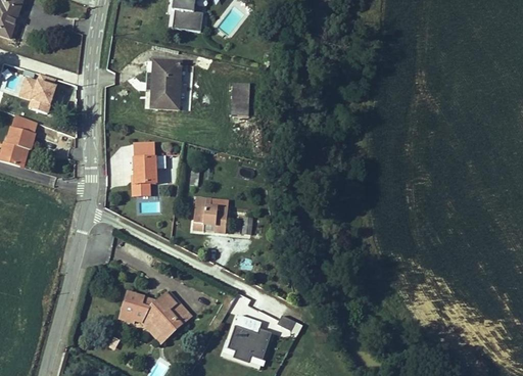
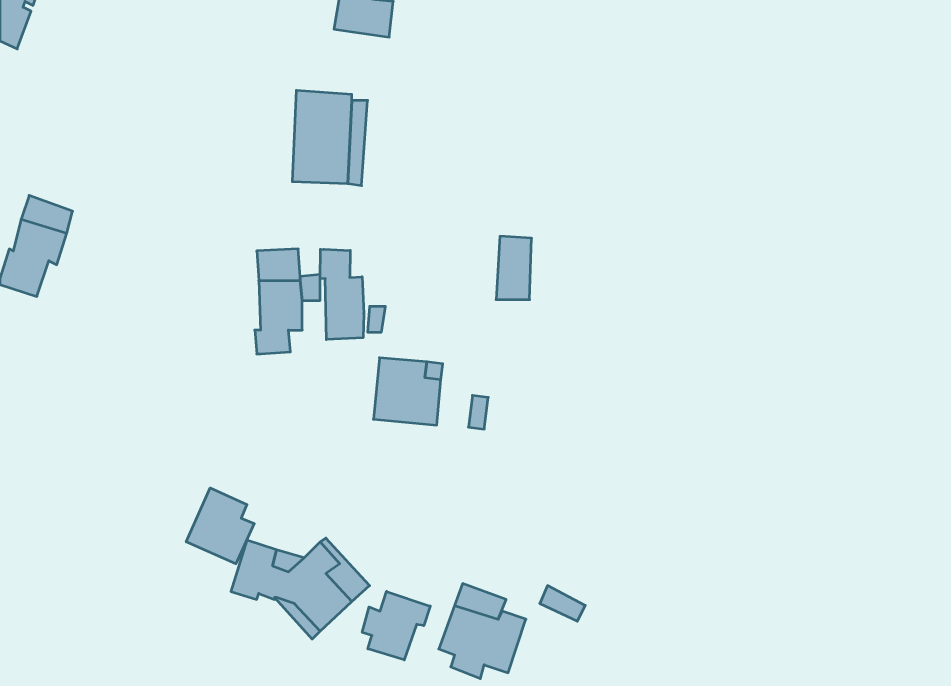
building: [18,75,56,113] -> none
building: [231,82,249,114] -> [496,236,532,300]
building: none -> [320,249,364,340]
building: none -> [186,488,254,564]
building: none -> [362,591,430,660]

